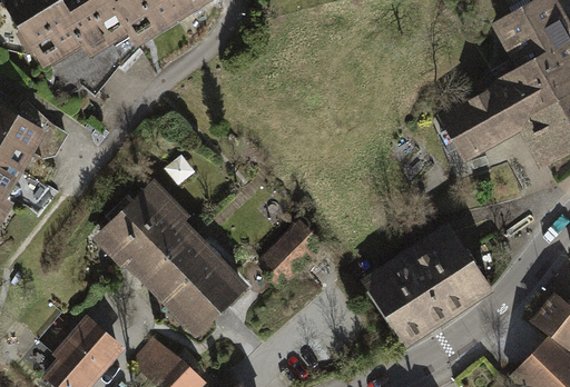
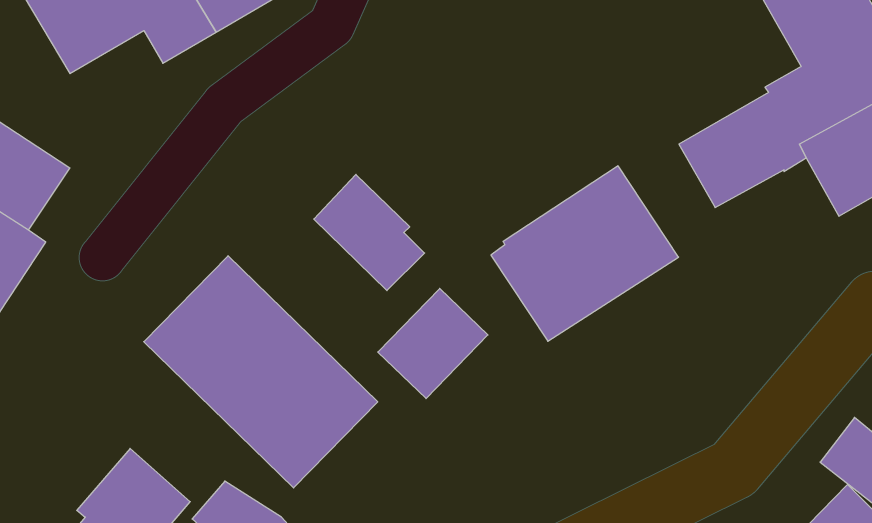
building: none -> [314,174,425,291]
building: [364,228,485,341] -> [491,166,679,341]

